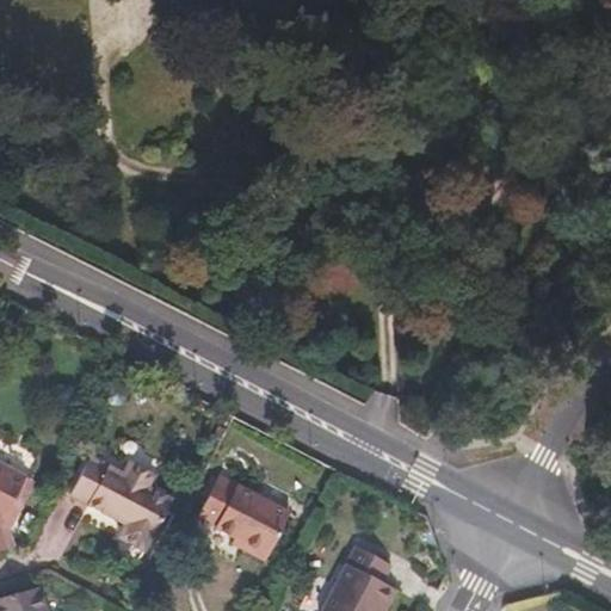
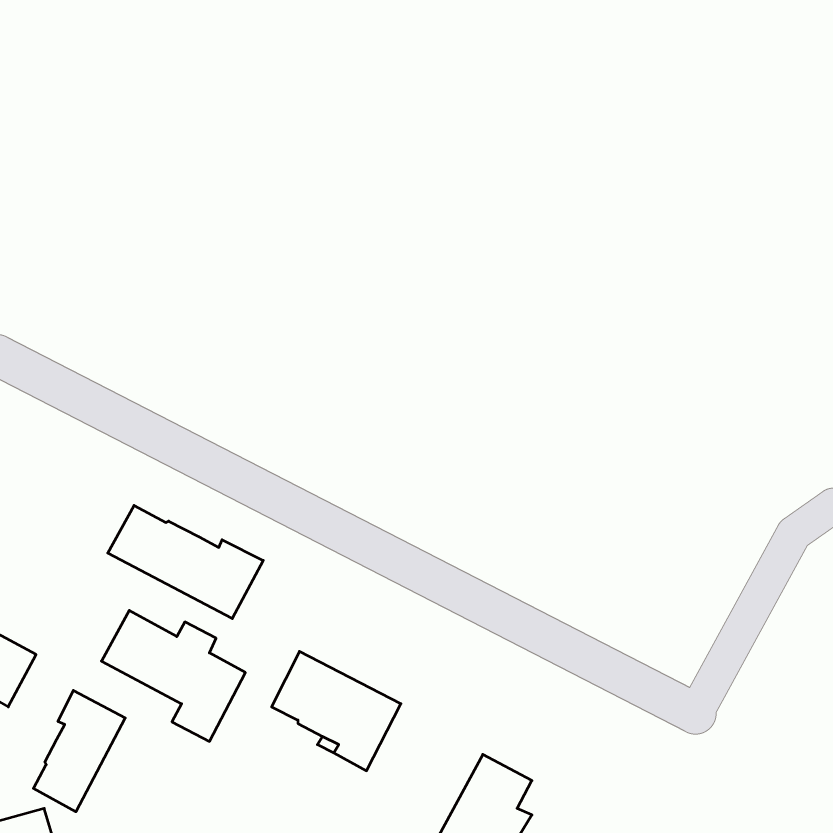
building: none -> [108,505,263,619]
building: none -> [33,690,125,812]

